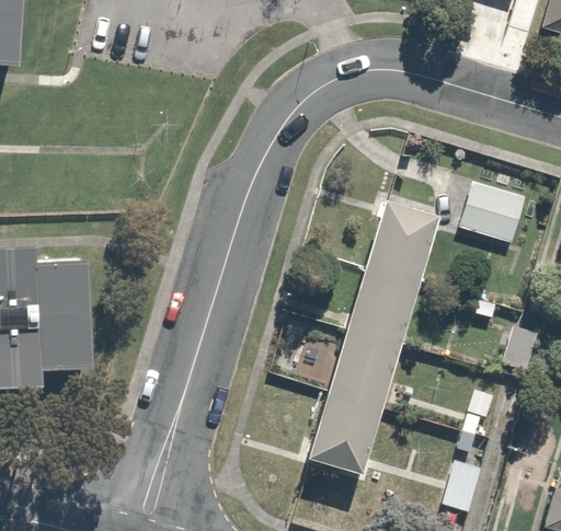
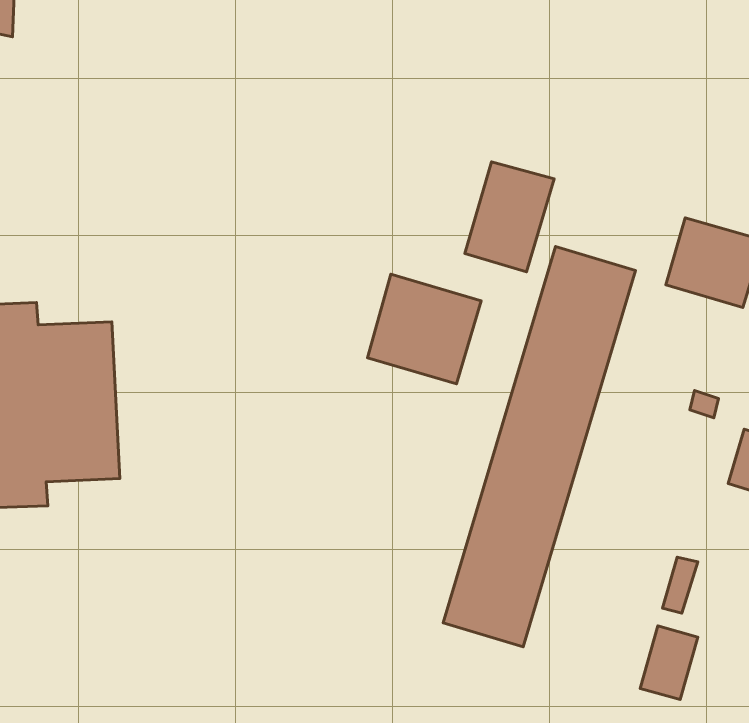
building: none -> [465,162,554,272]
building: none -> [368,274,481,384]

